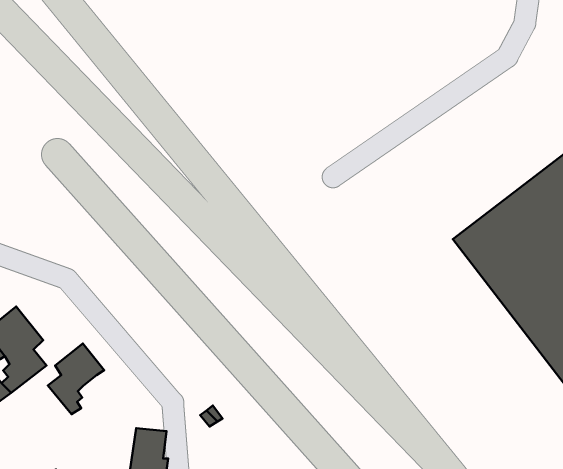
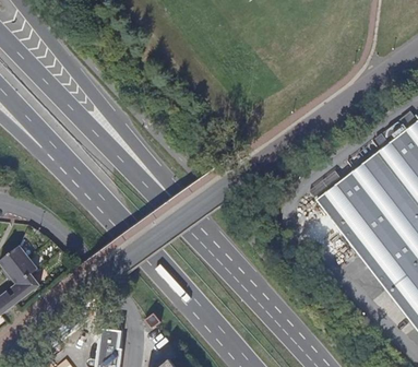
building: [48,344,104,414] -> none

